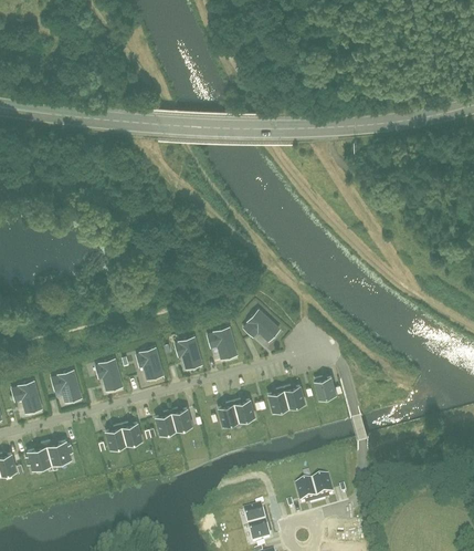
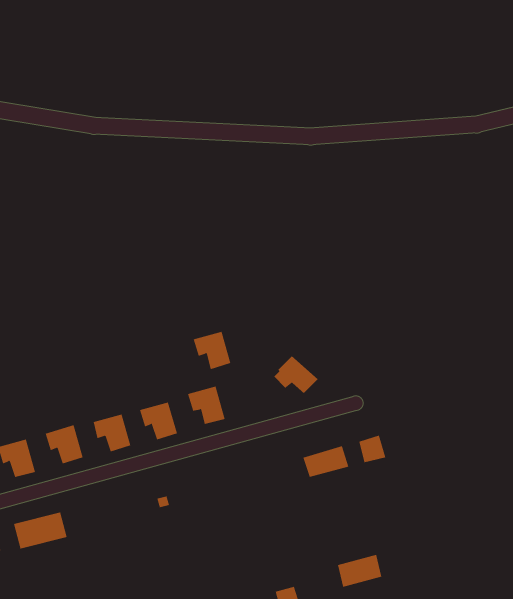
building: [206,326,238,358] -> [193,331,231,370]
building: [217,399,256,428] -> none
building: [154,409,191,436] -> none
building: [103,420,141,448] -> none

